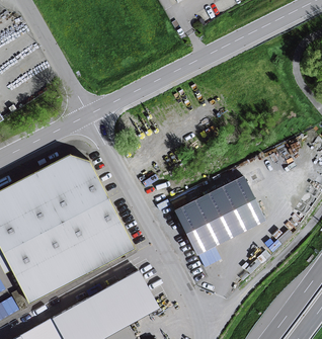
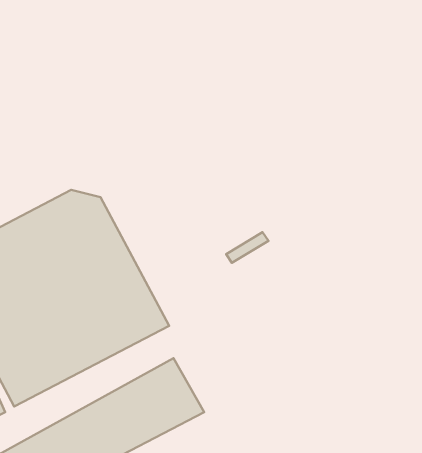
building: [179,179,265,253] -> none

